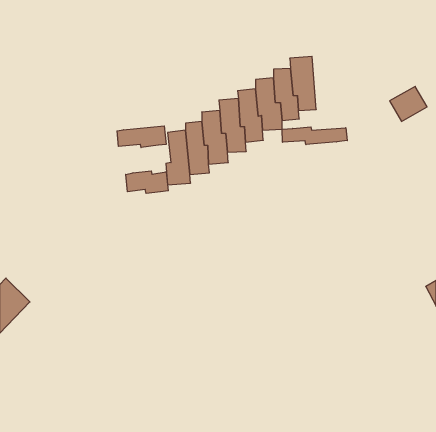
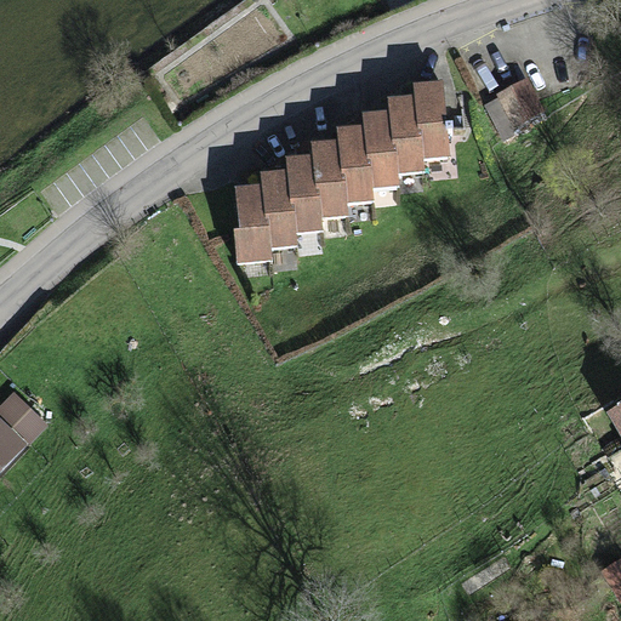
building: [390,86,427,121] -> [484,76,537,126]
building: [117,126,166,148] -> none
building: [282,127,347,145] -> none
building: [126,171,168,193] -> none

